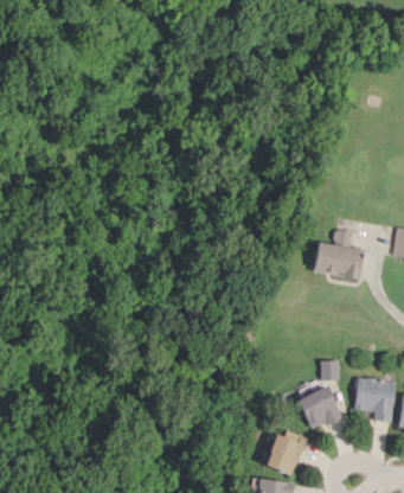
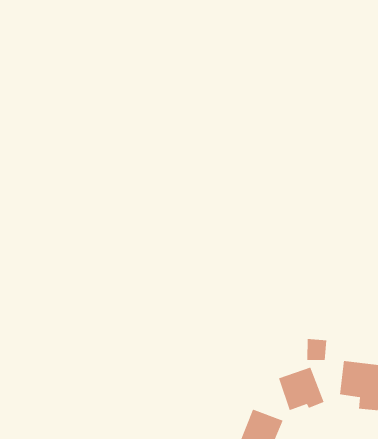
building: [312,230,363,278] -> none

